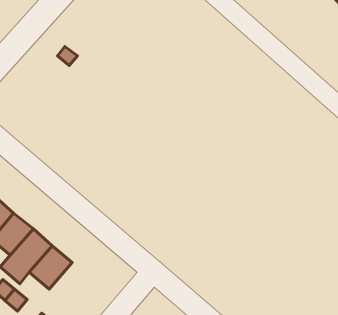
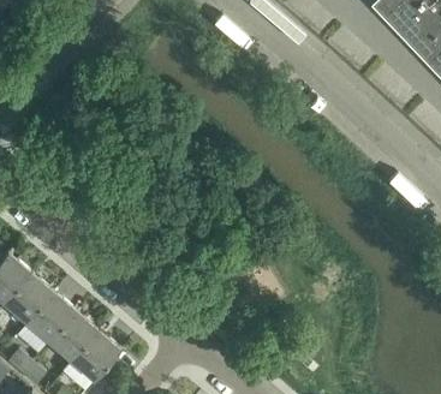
building: none -> [71,330,120,381]

